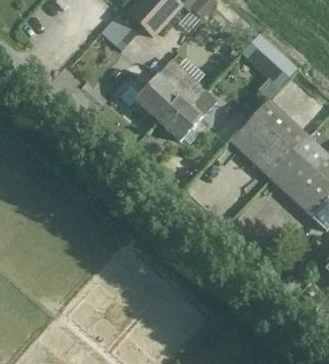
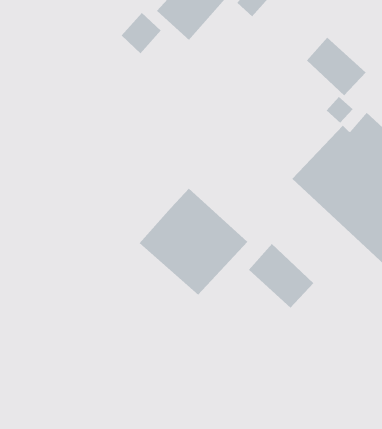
building: [135,58,219,140] -> [139,188,248,296]
building: none -> [248,243,314,309]

